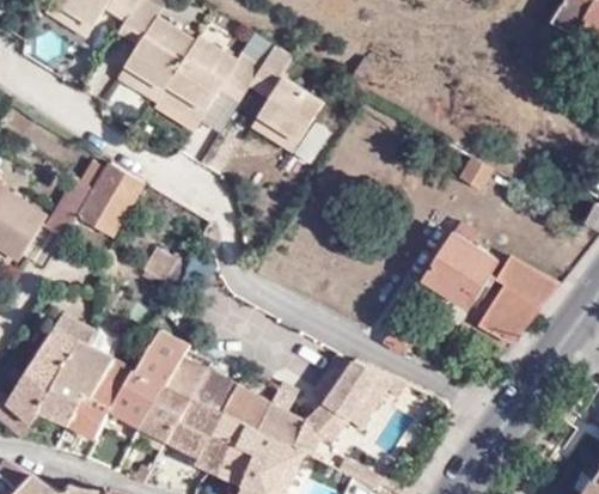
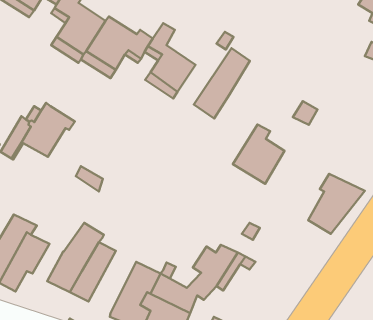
building: none -> [194,48,250,119]
building: [423,224,496,307] -> [233,124,285,184]
building: [66,358,133,439] -> none
building: [169,367,236,456] -> none

